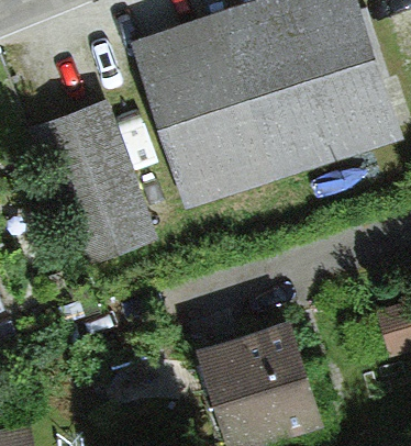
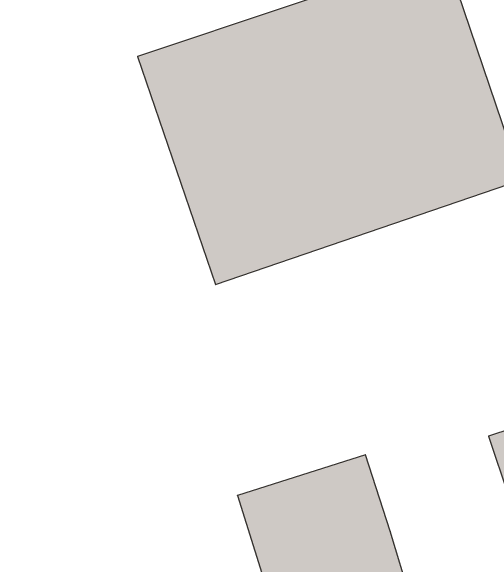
building: [38,100,156,260] -> none

